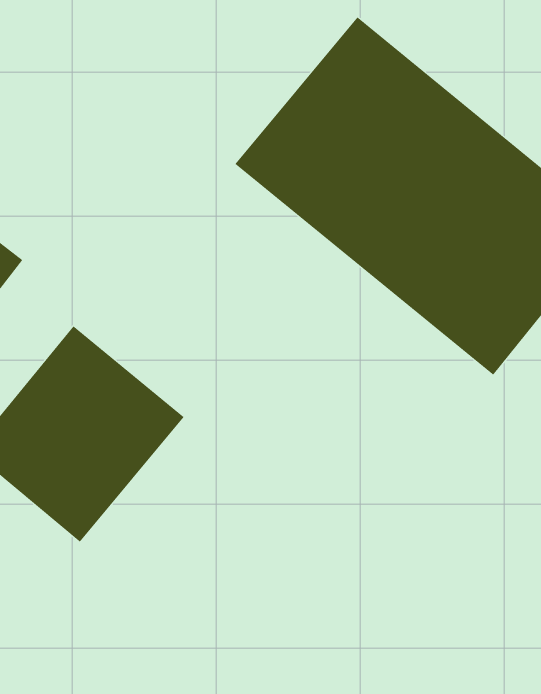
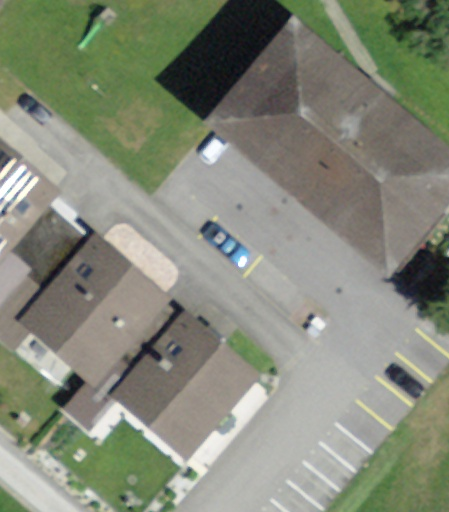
building: none -> [111,313,257,460]

